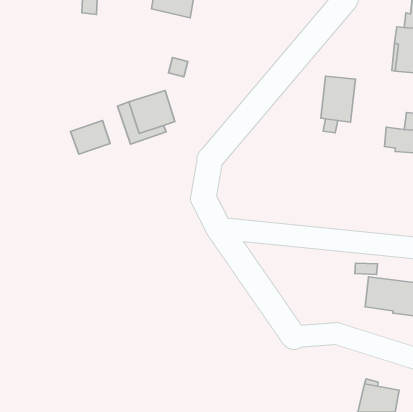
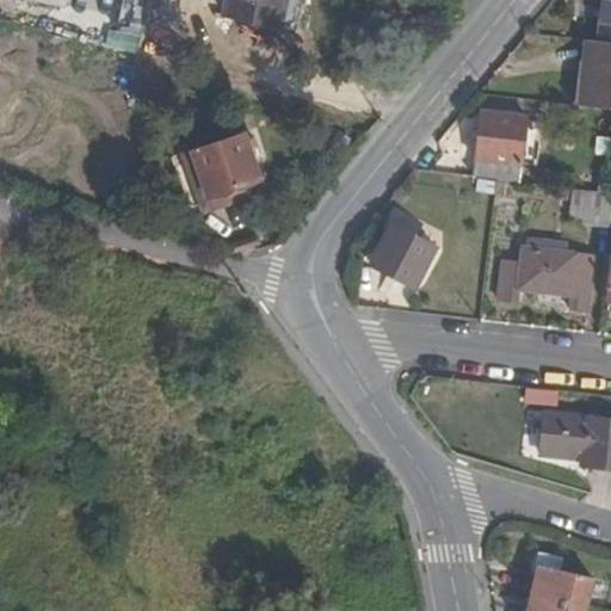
building: [71,121,110,154] -> none
building: none -> [369,222,436,285]
building: none -> [496,239,595,309]

